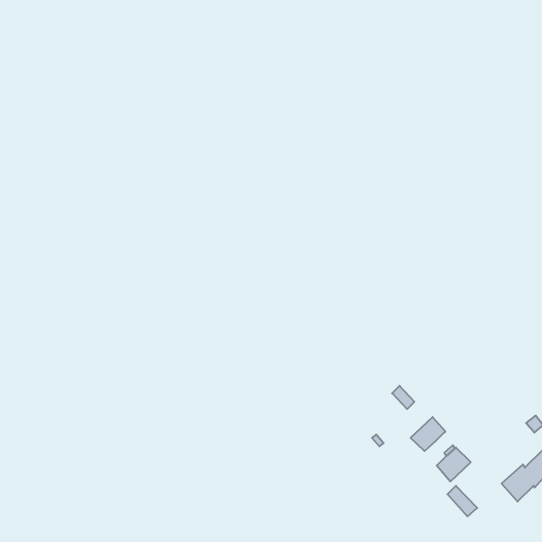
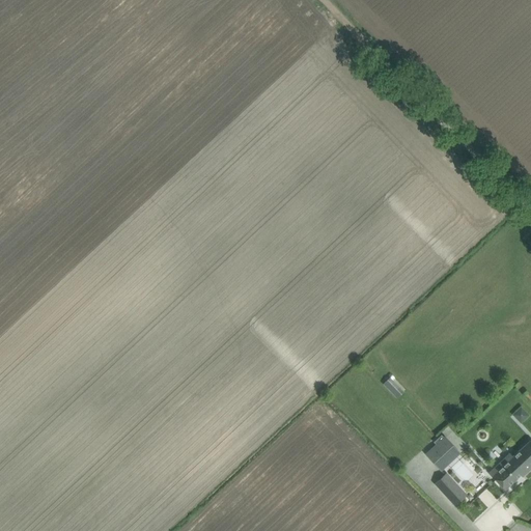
building: [411,417,445,451] -> none

